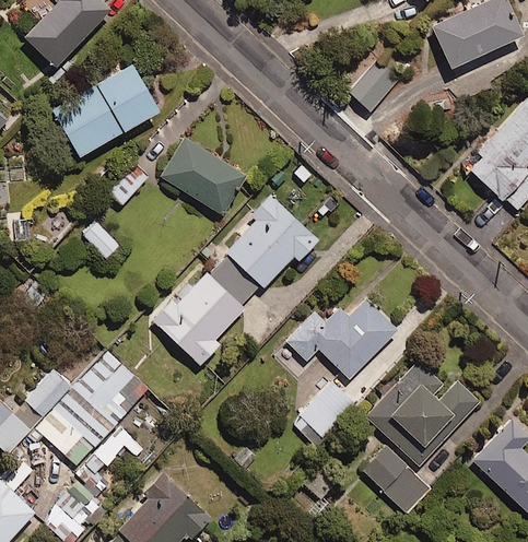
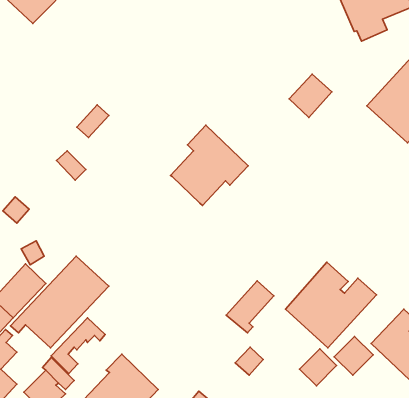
building: [348,59,400,113] -> [289,74,332,117]
building: [51,62,157,154] -> none
building: [161,138,245,213] -> none
building: [148,254,260,367] -> none
building: [285,297,397,378] -> none
building: [361,444,409,492] -> [334,336,373,375]

